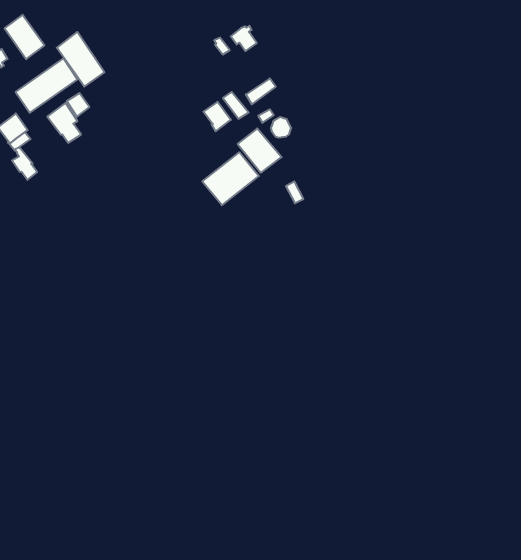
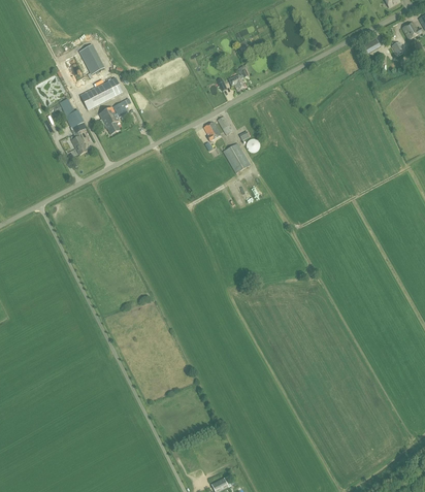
building: [57,32,104,87] -> none
building: [202,152,259,205] -> none

